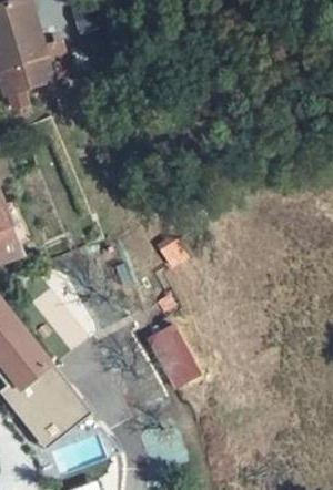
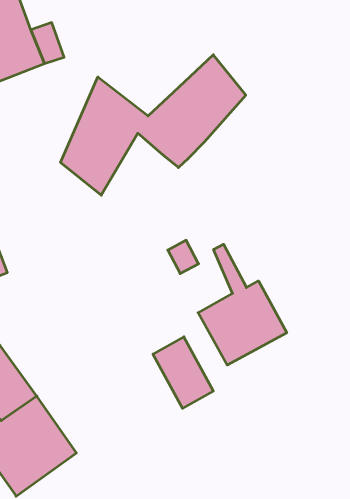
building: none -> [61,55,246,195]
building: none -> [198,244,287,365]

